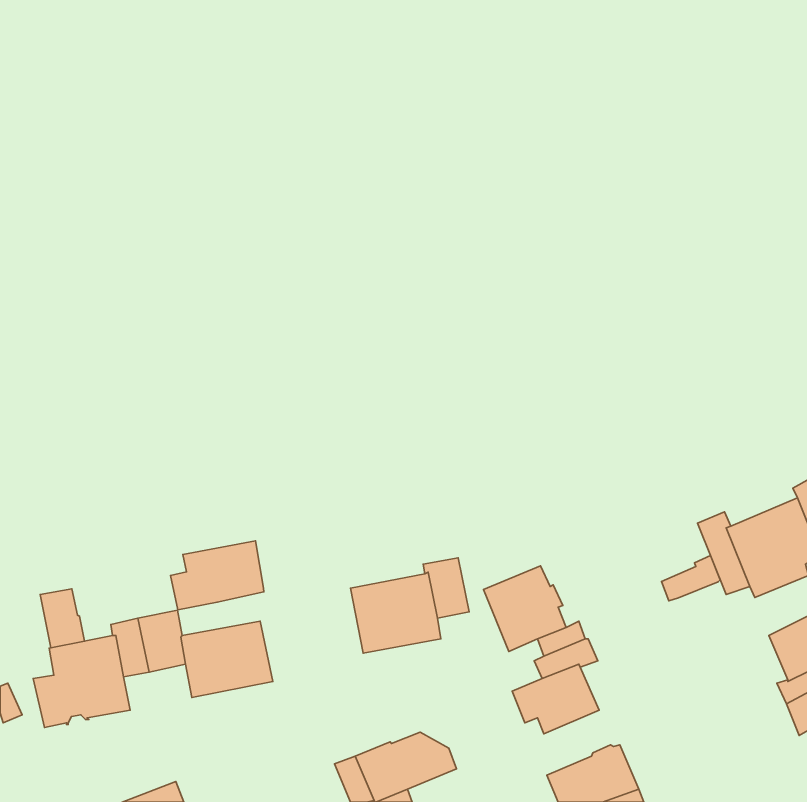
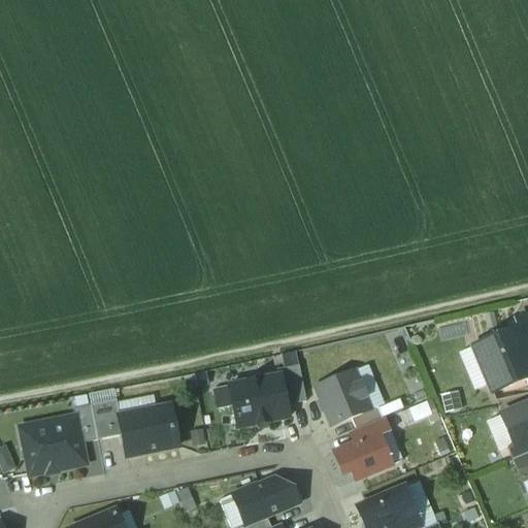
building: [170,541,264,610] -> none
building: [662,555,720,601] -> none
building: [40,589,85,648] -> none

